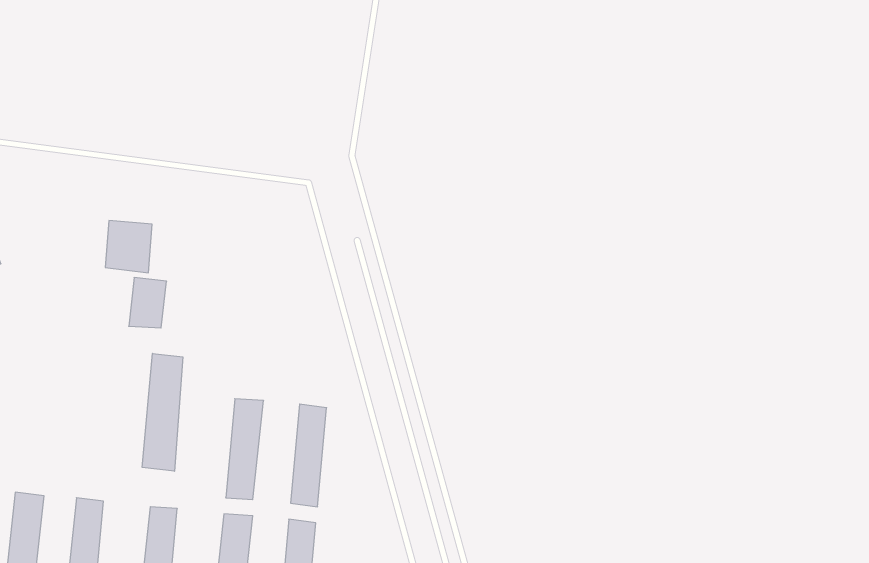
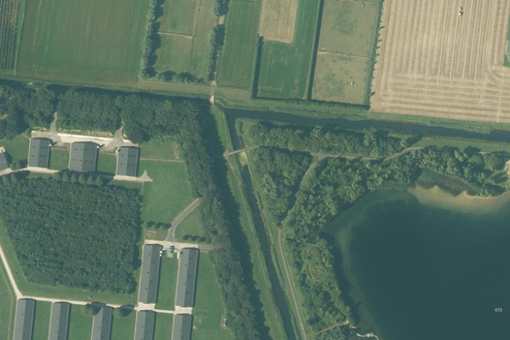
building: none -> [28,138,50,167]
building: [129,278,167,328] -> [116,147,137,176]
building: [142,353,183,471] -> none

